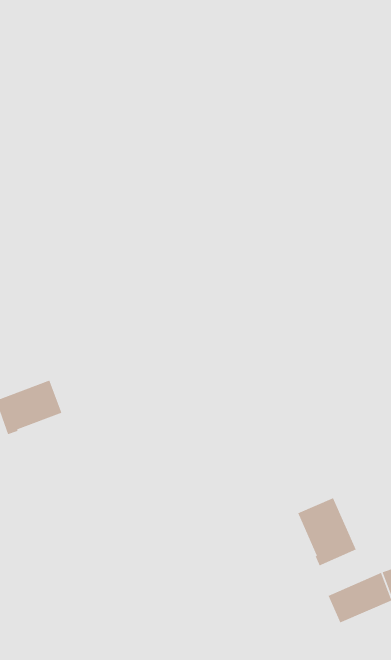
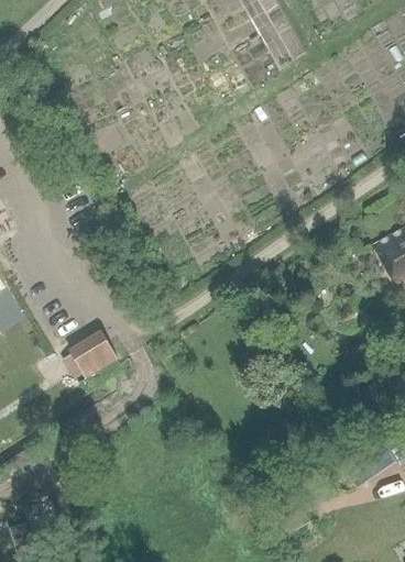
building: [297,497,357,567] -> none

